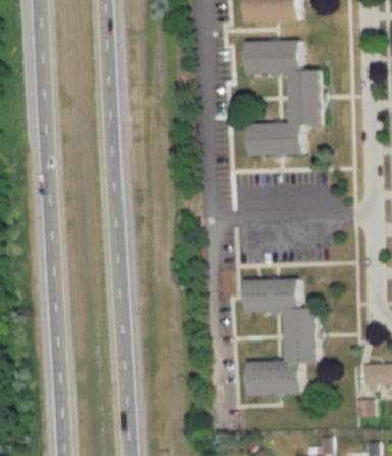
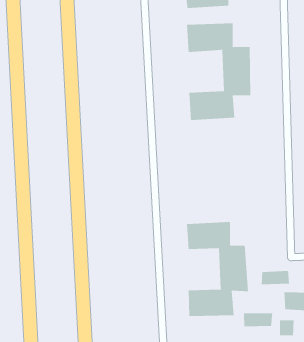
building: none -> [261,270,289,285]
building: none -> [243,312,273,327]

